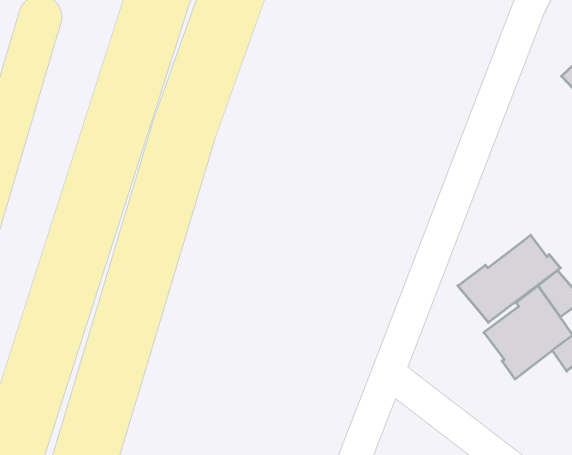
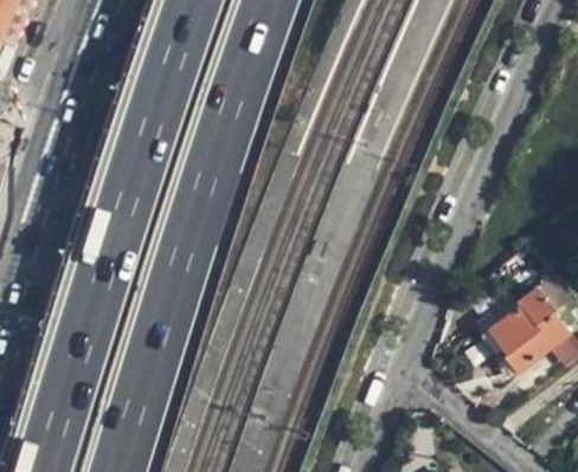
building: [458,235,561,323] -> none

